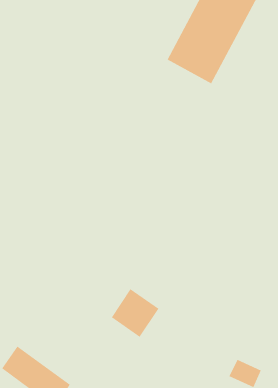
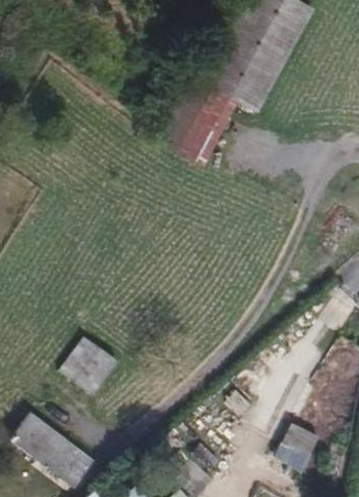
building: [111,288,159,338] -> [62,339,118,396]

